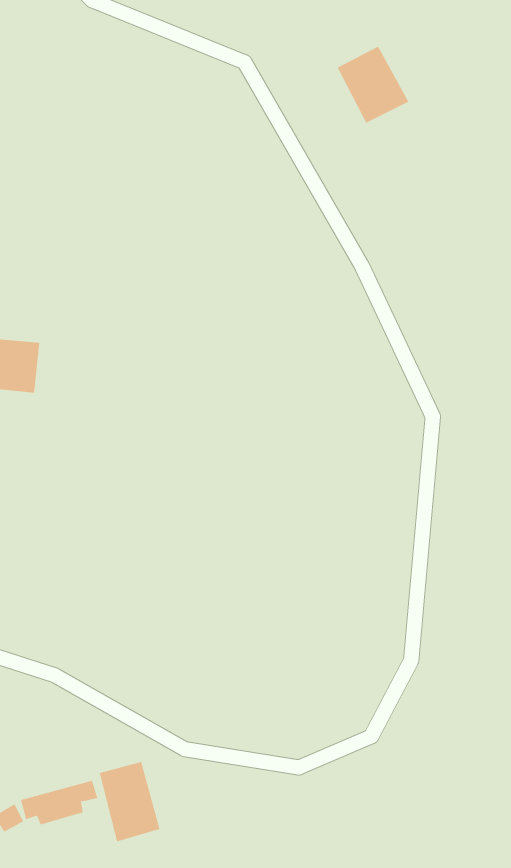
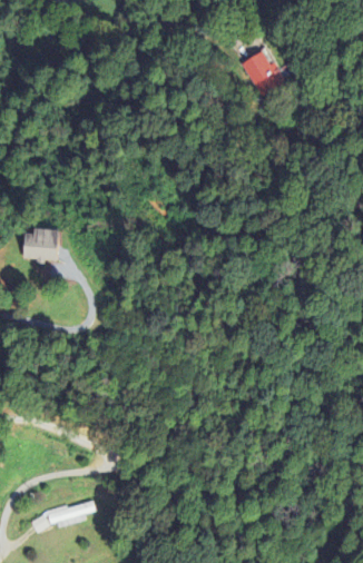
building: [99,761,160,842] -> none

